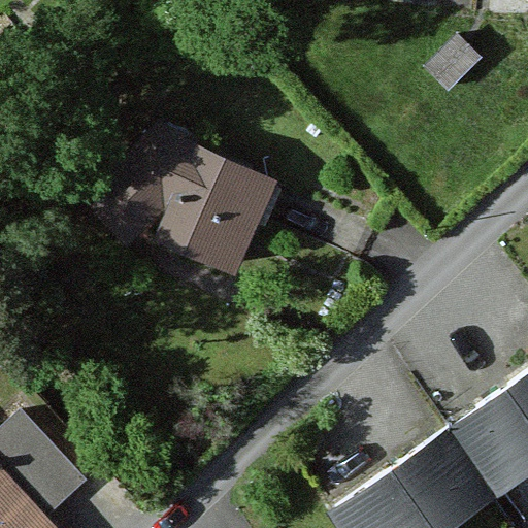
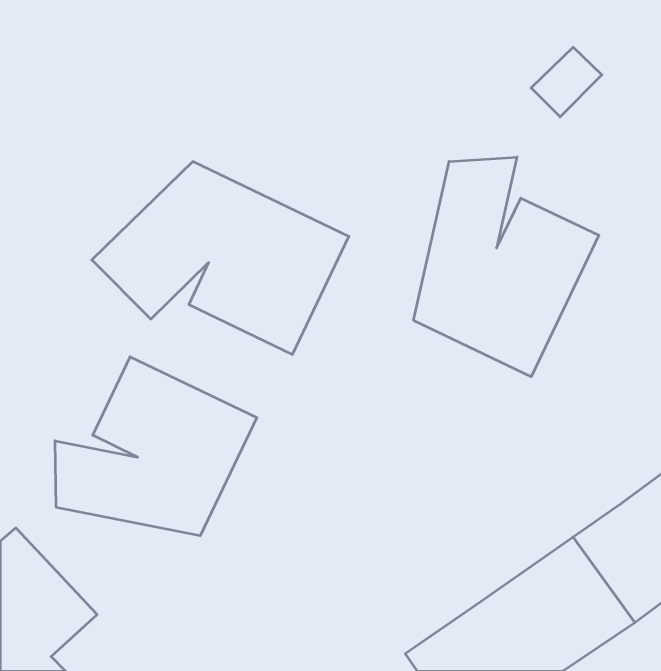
building: none -> [414,157,599,377]
building: none -> [55,357,257,536]

